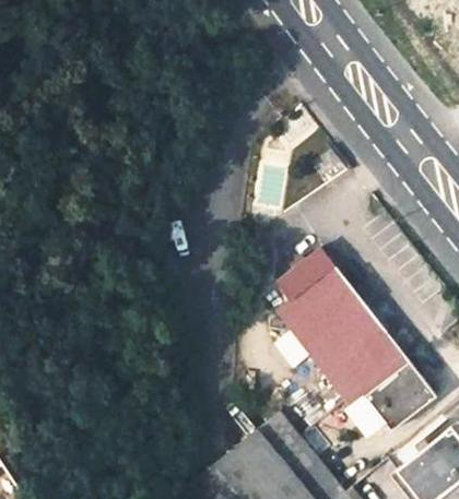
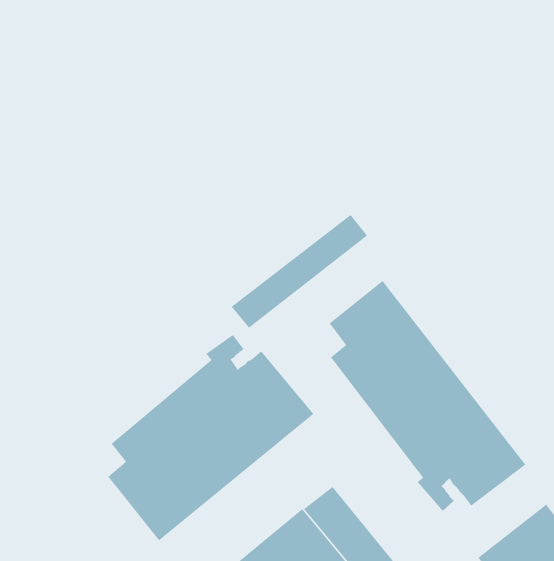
building: none -> [231,214,368,328]
building: none -> [108,334,314,541]

